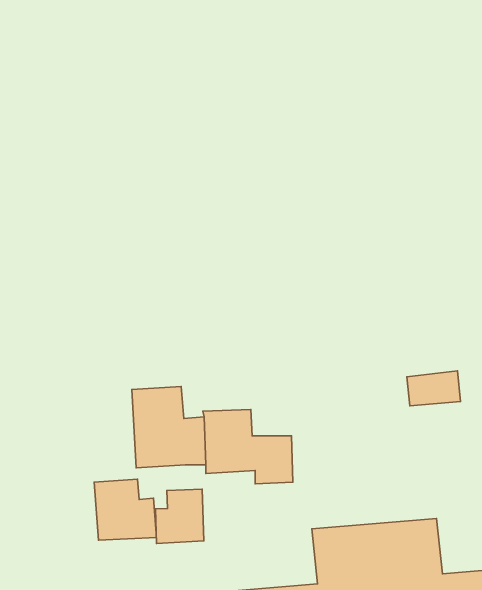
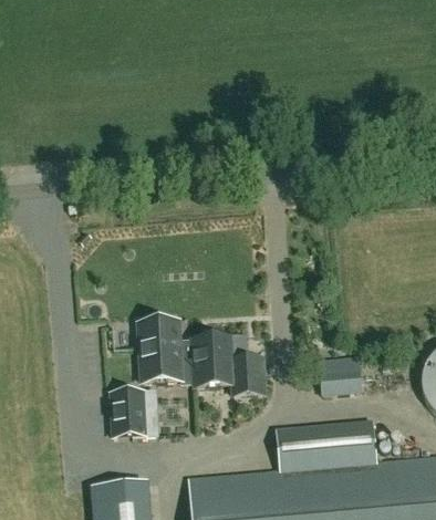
building: [407,371,460,406] -> [320,367,361,394]
building: [156,489,204,544] -> none

